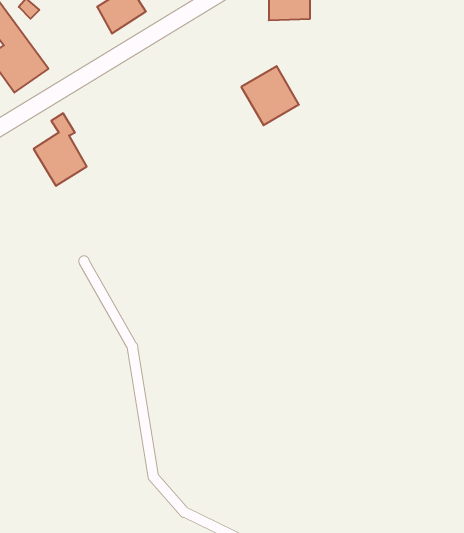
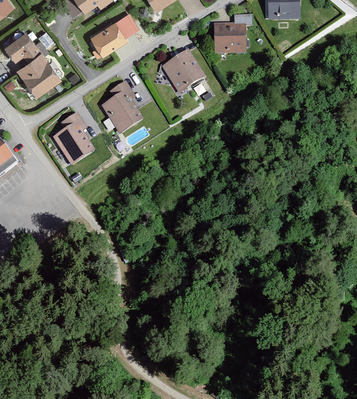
building: none -> [101,80,138,129]
building: [241,66,299,125] -> [161,50,200,90]

